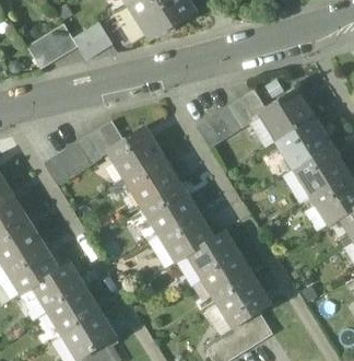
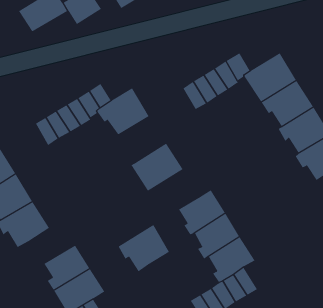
building: [125,155,179,203] -> none
building: [160,210,213,259] -> [118,224,170,272]
building: [37,264,85,311] -> none

